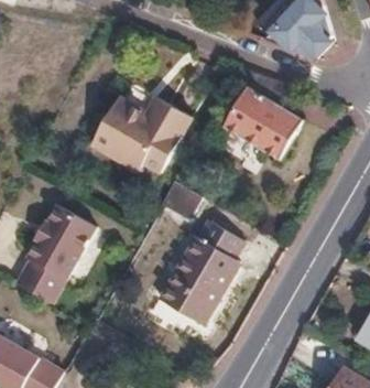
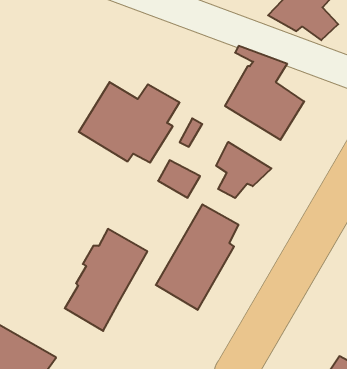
building: none -> [216,142,271,198]
building: [14,202,95,301] -> [65,229,147,331]

